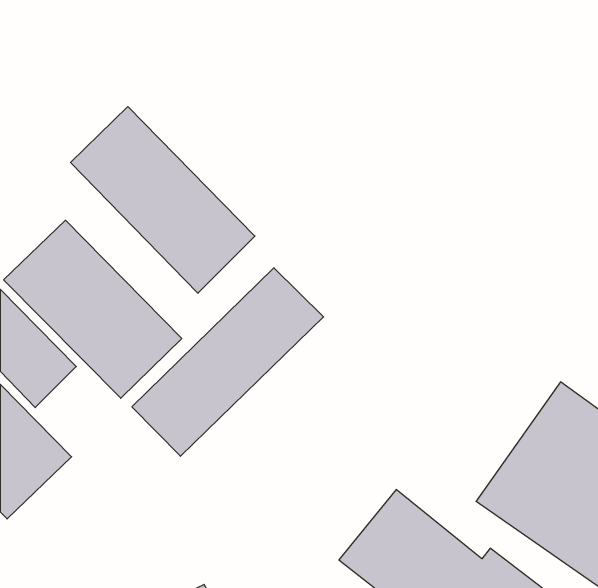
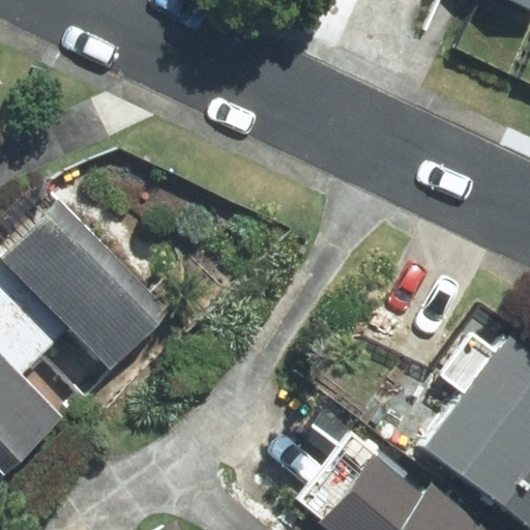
building: [71,107,255,293] -> none
building: [132,268,324,456] -> none

